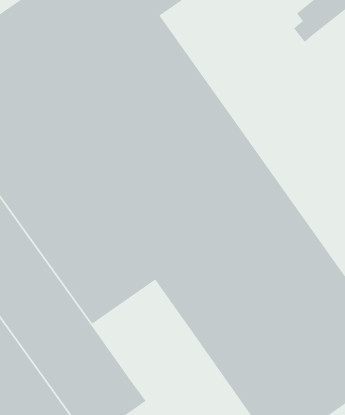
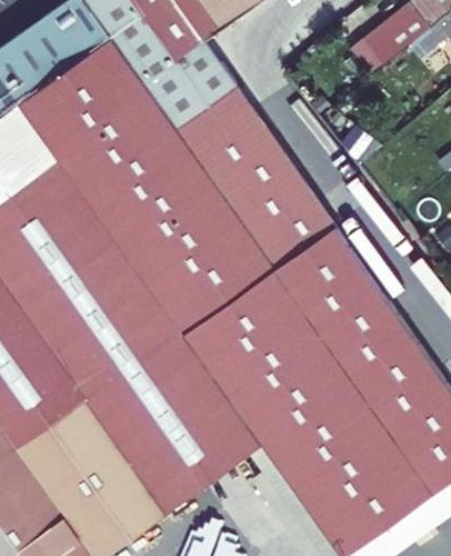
building: none -> [123,355,261,497]

